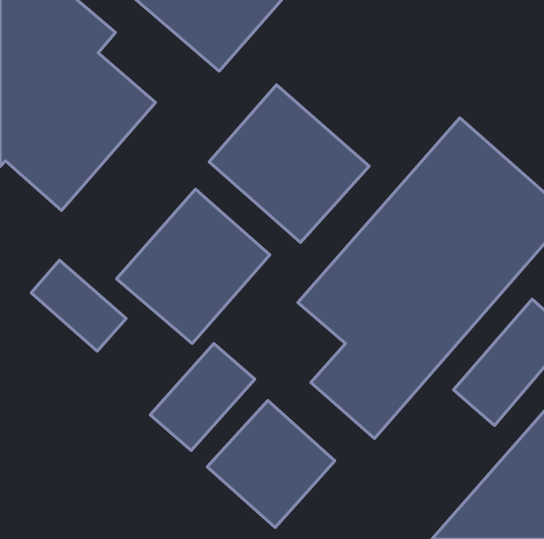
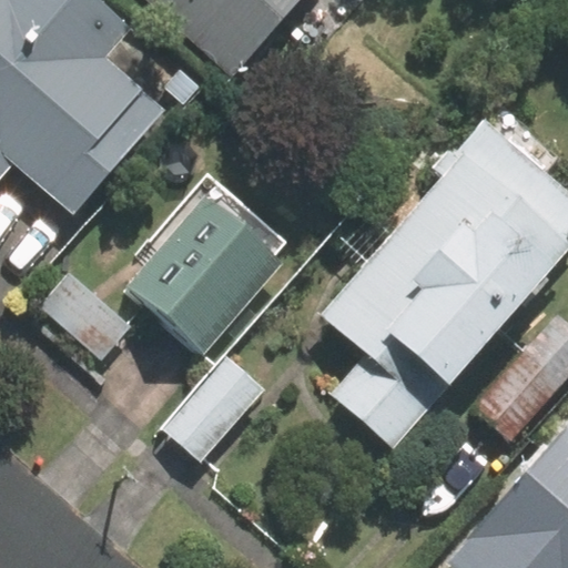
building: [209,85,369,243] -> none
building: [207,401,335,528] -> none

